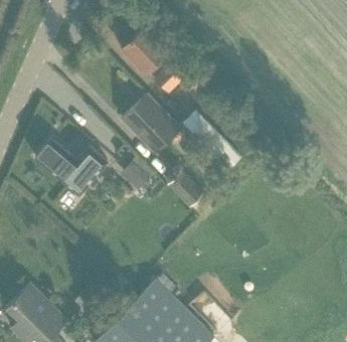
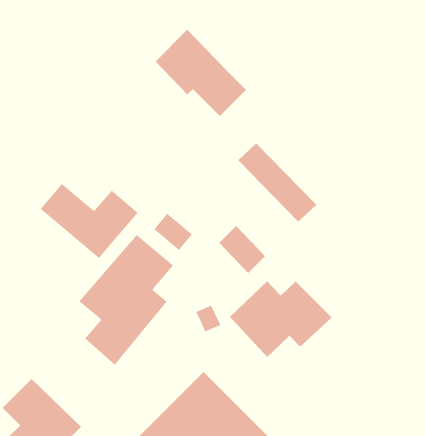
building: [122,95,179,153] -> none
building: none -> [79,234,174,366]
building: none -> [229,280,333,358]

